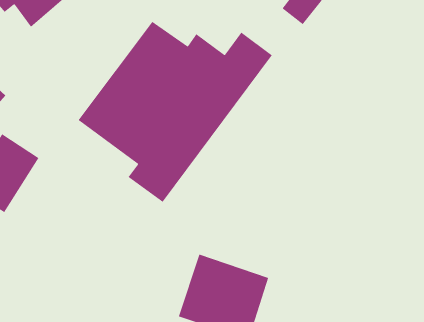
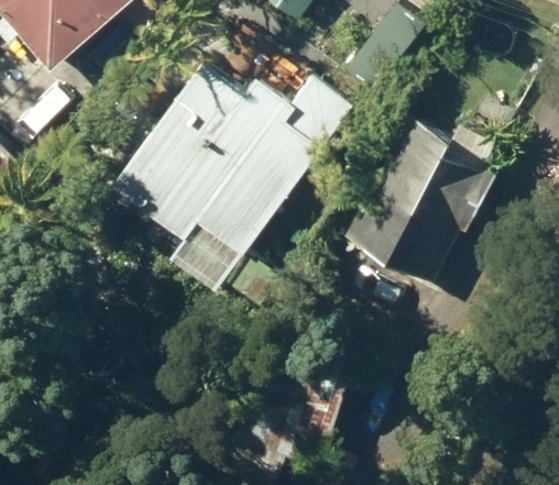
building: none -> [341,111,501,282]

